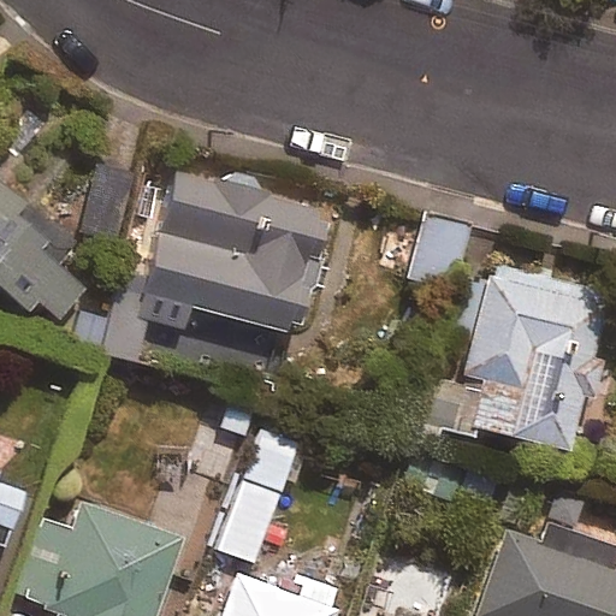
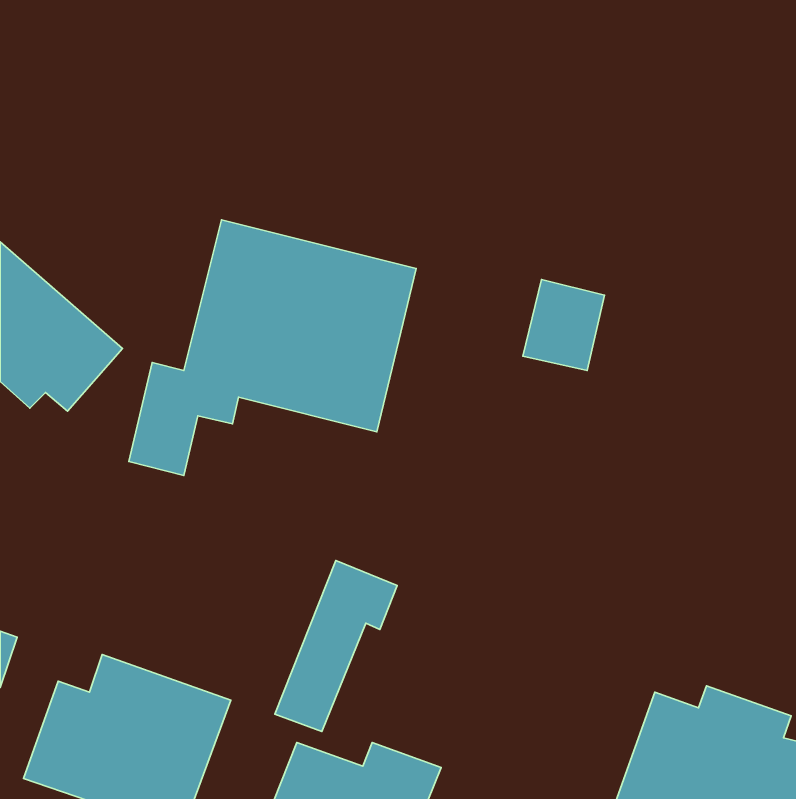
building: [433,263,604,443] -> none

